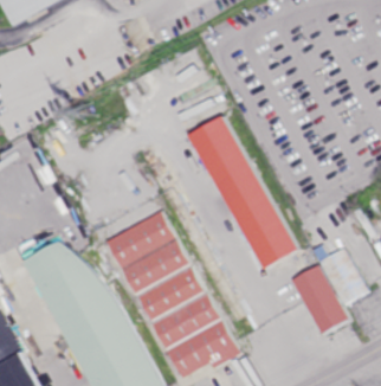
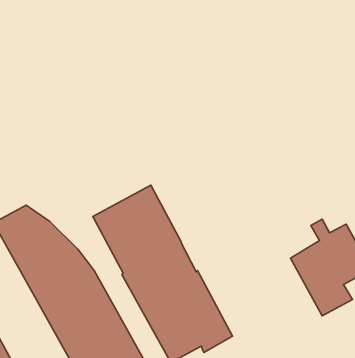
building: [189,116,299,270] -> none

